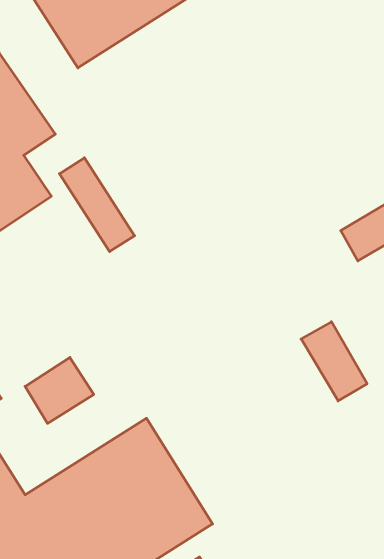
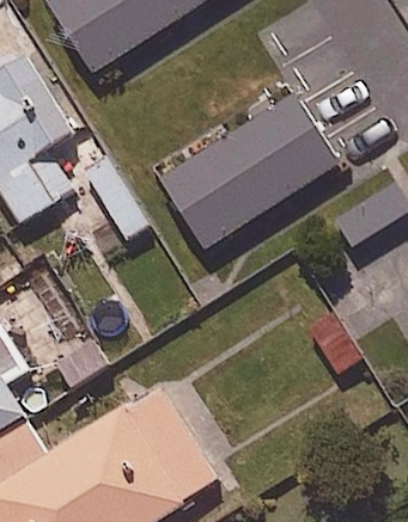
building: none -> [160,96,339,248]

